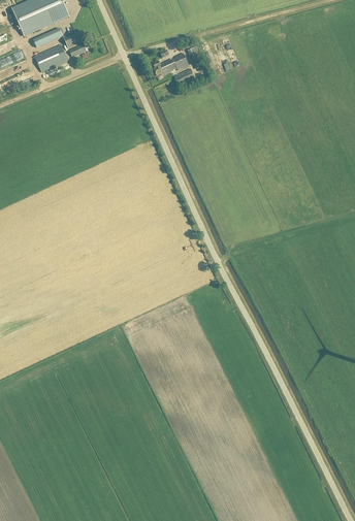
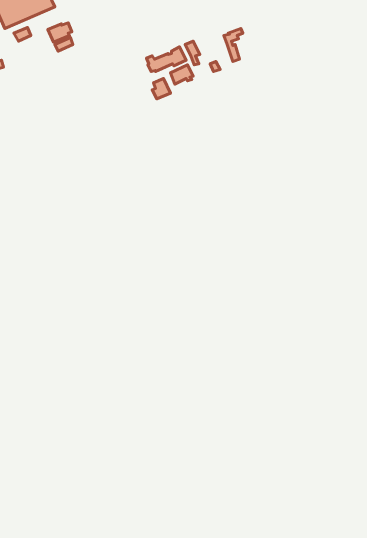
building: [35,44,68,72] -> none

